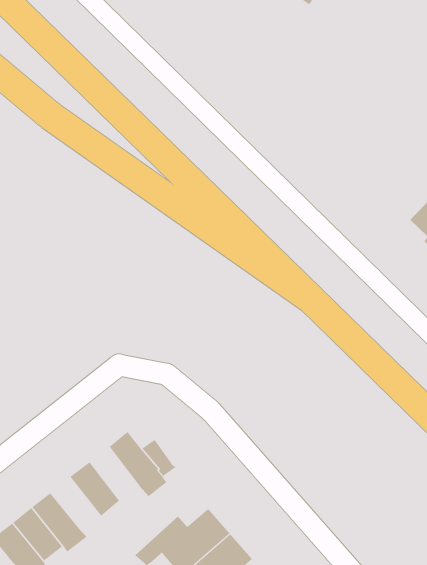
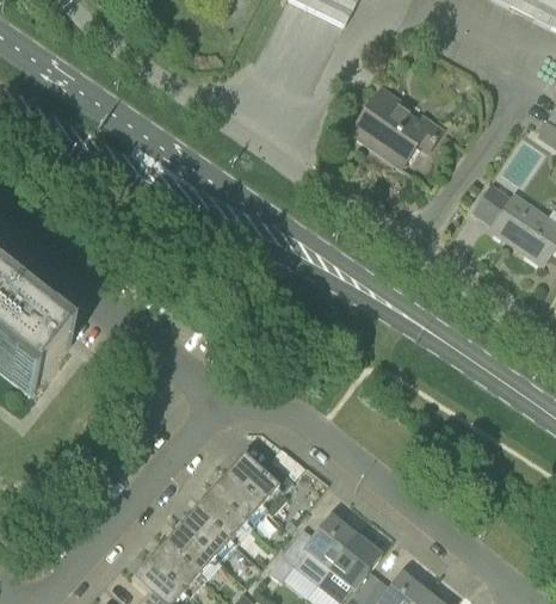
building: none -> [351,85,445,166]
building: none -> [211,473,261,522]
building: none -> [179,507,230,556]

